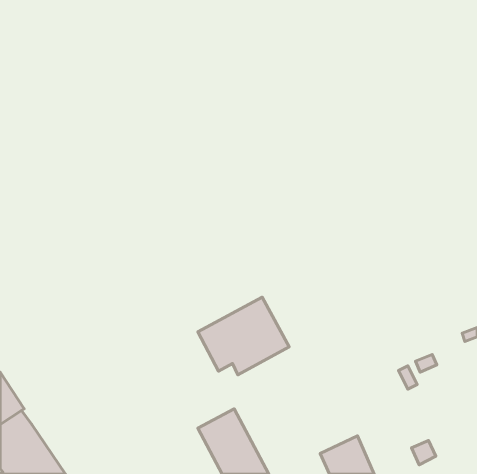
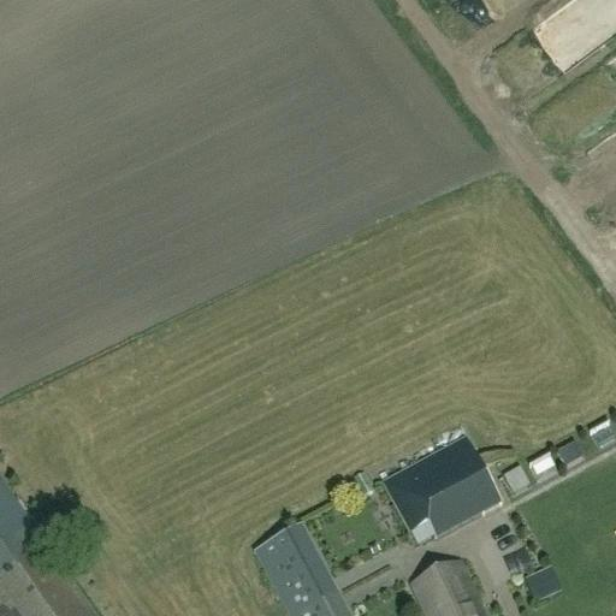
building: [198,297,289,375] -> [384,438,502,538]

